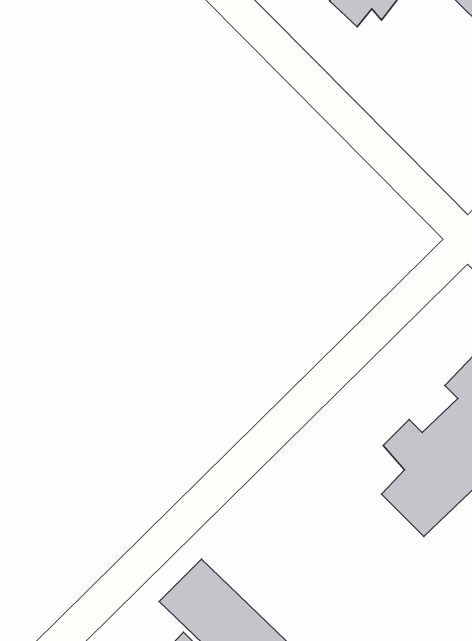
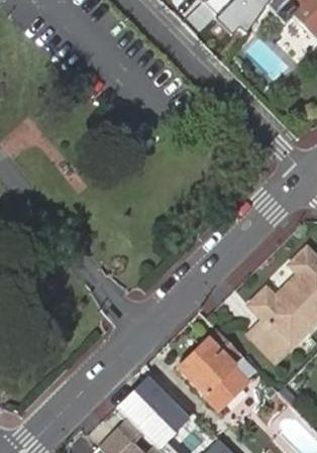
building: none -> [179,329,257,410]

